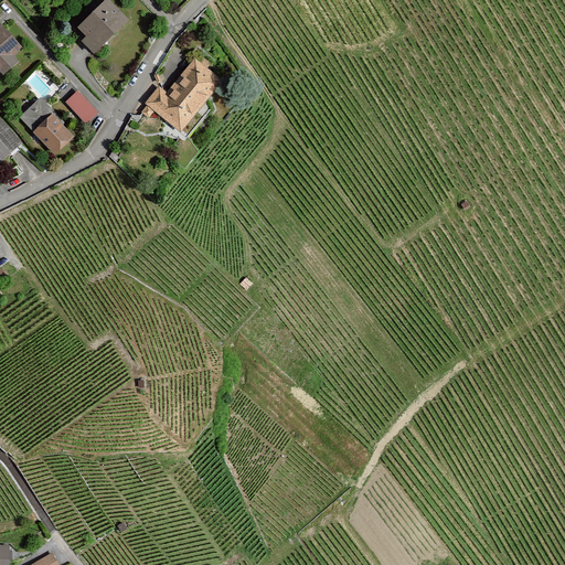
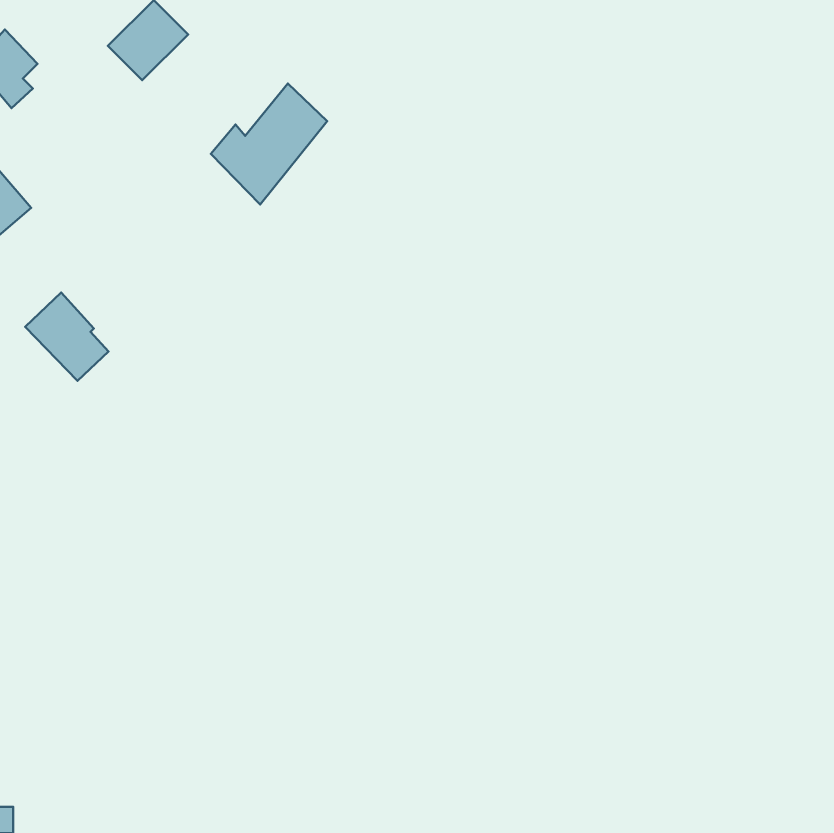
building: [64,92,97,125] -> none
building: [17,96,73,156] -> [25,293,109,381]

